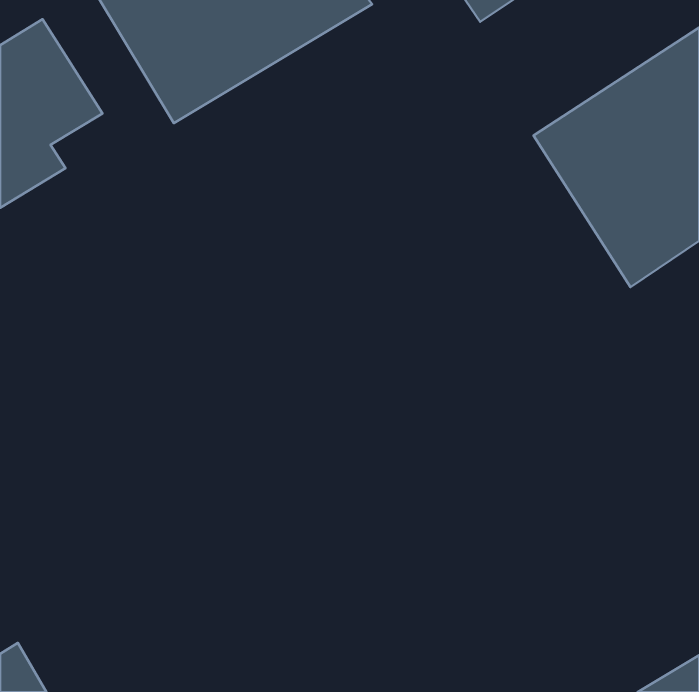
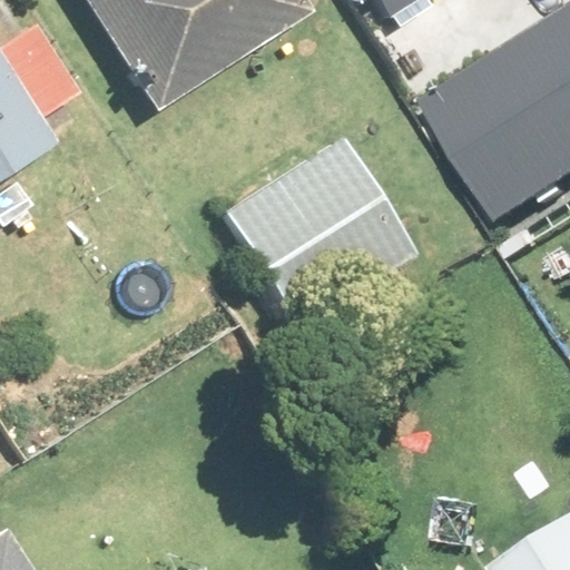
building: none -> [218,134,417,332]

